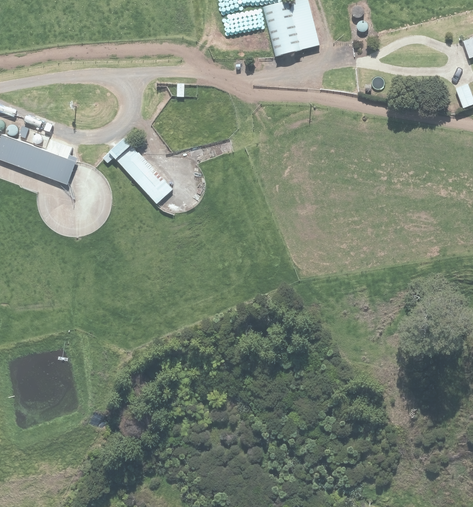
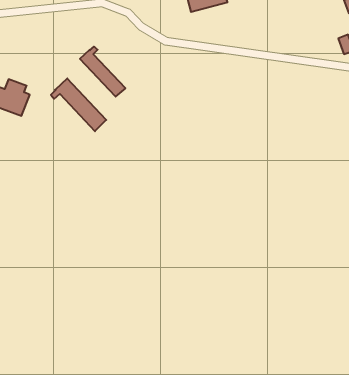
building: none -> [80,47,125,97]

